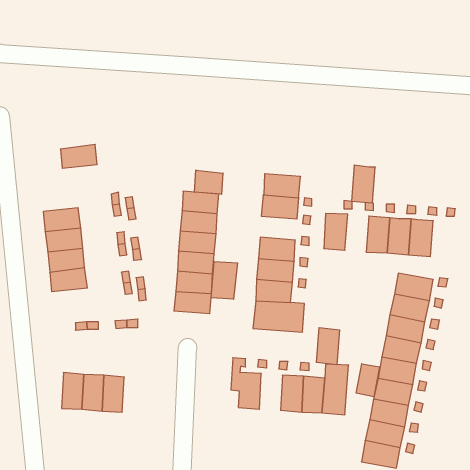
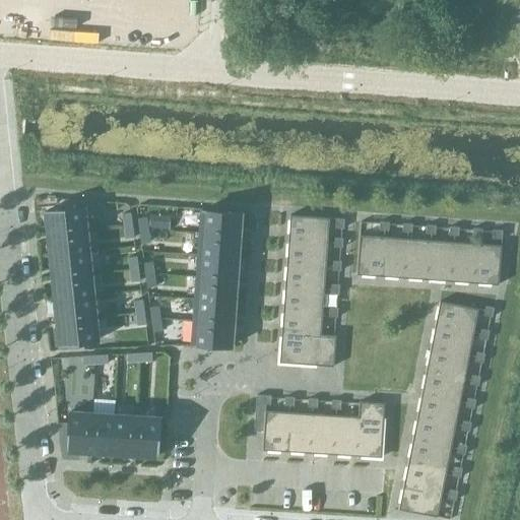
building: [60,144,97,168] -> [46,207,86,234]
building: [351,165,375,203] -> [381,237,407,278]
building: [194,170,223,194] -> none
building: [264,174,301,198] -> [287,239,328,265]
building: none -> [475,244,502,285]
building: [211,261,237,299] -> none
building: none -> [57,318,99,344]
building: [316,328,340,365] -> none
building: [356,364,379,397] -> none
building: none -> [286,412,312,453]
building: none -> [135,416,159,457]

